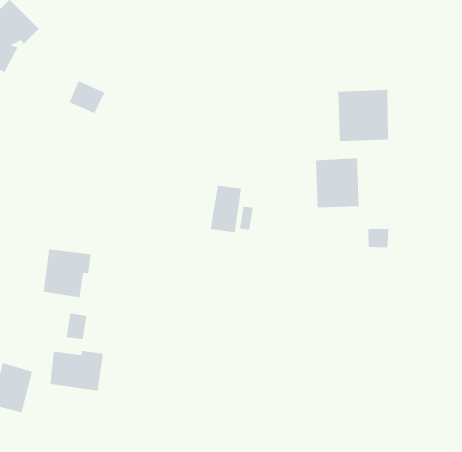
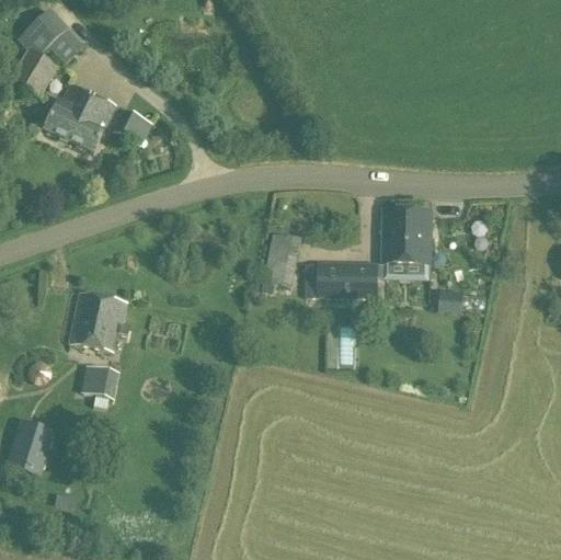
building: none -> [43,81,115,150]
building: [338,89,389,142] -> none
building: none -> [317,261,378,297]
building: [50,350,103,391] -> none

